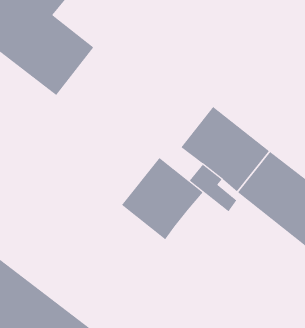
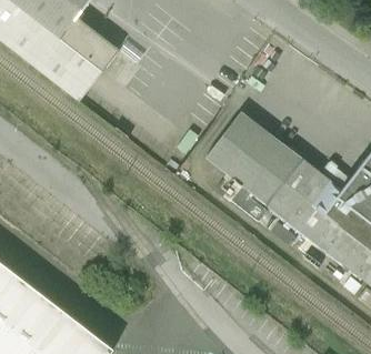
building: [121,157,203,240] -> none

